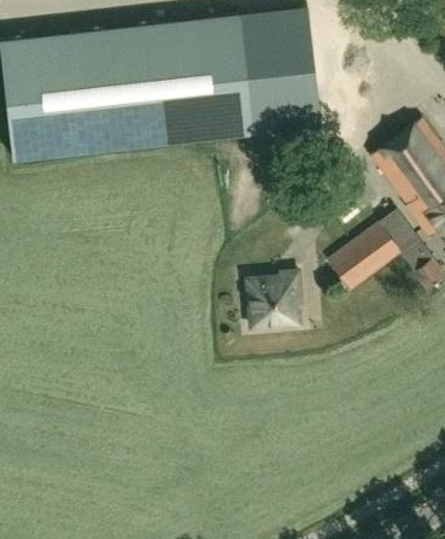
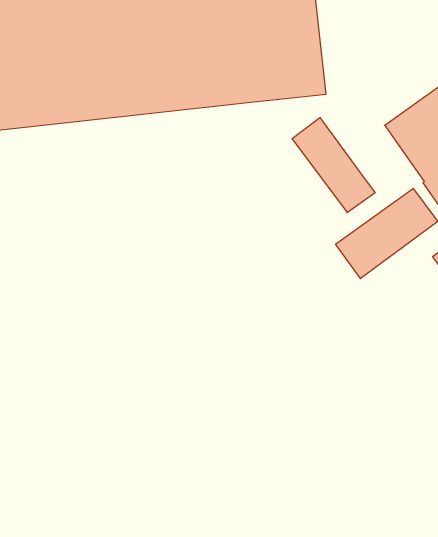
building: none -> [292,118,375,213]
building: [247,271,300,328] -> none

